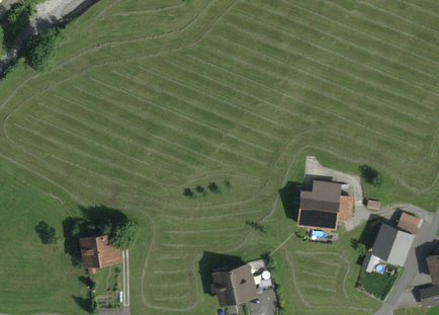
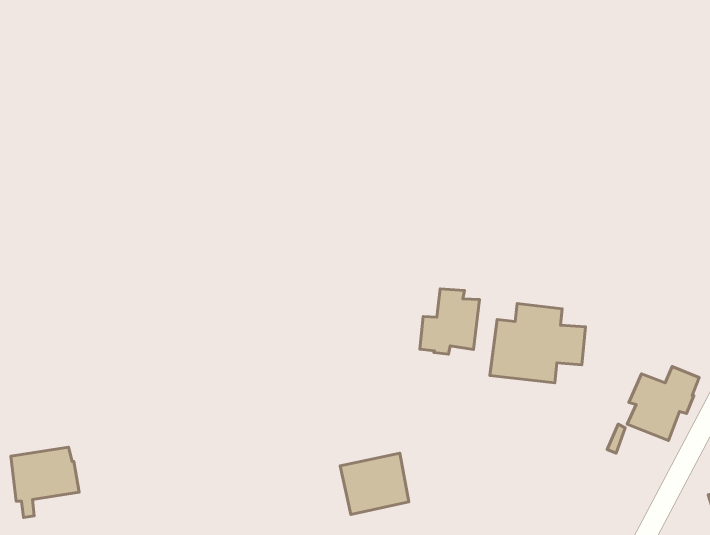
building: none -> [420,289,479,354]
building: [82,233,120,272] -> [11,447,79,518]

